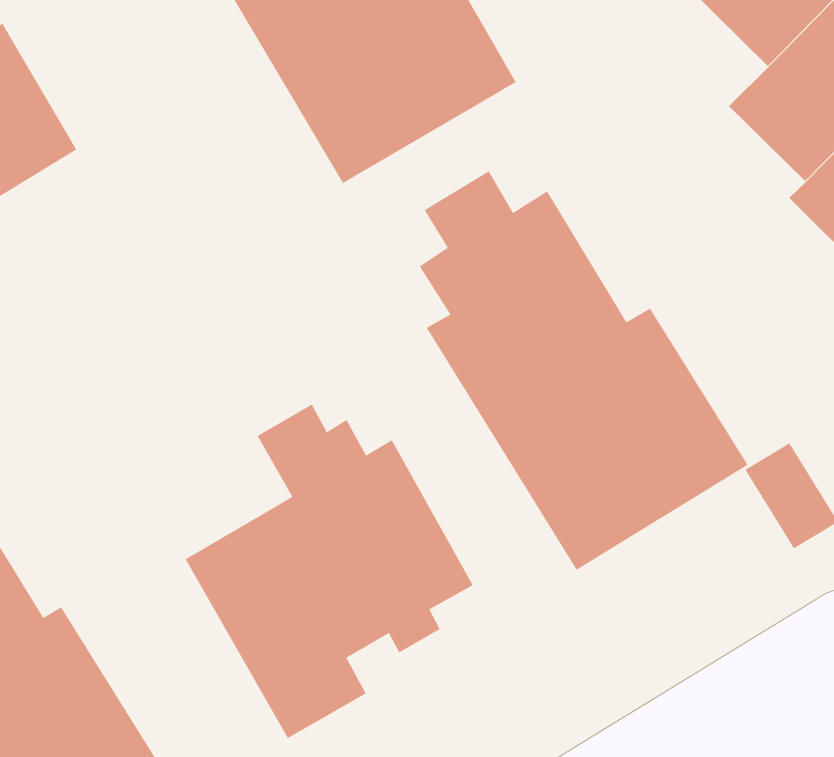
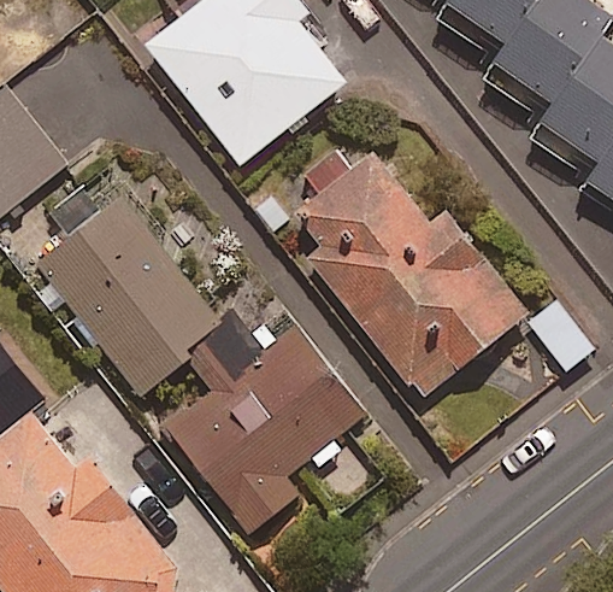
building: none -> [36,197,219,397]

